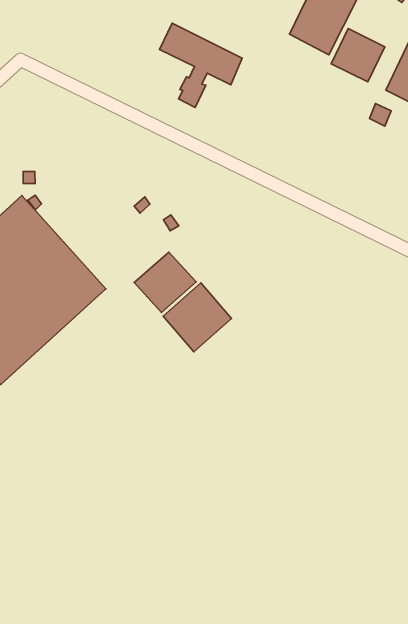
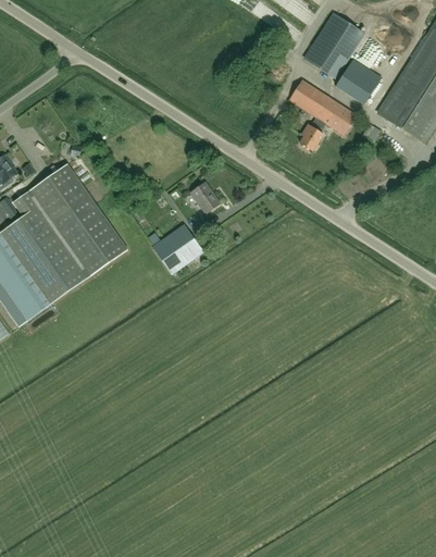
building: [159,23,242,107] -> [288,78,356,150]
building: none -> [190,182,220,212]
building: [163,283,232,352] -> none

